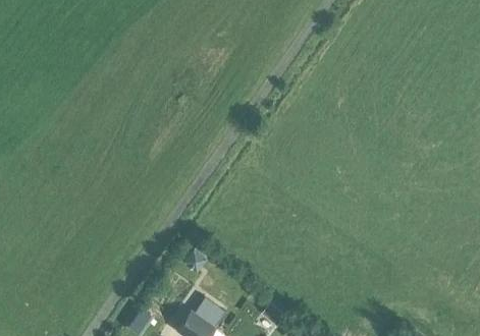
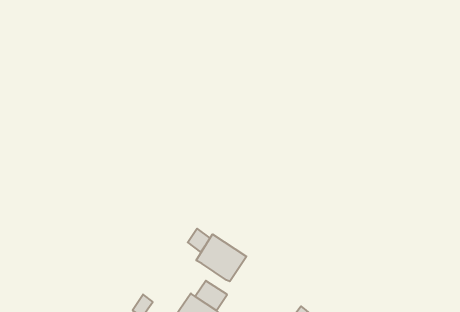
building: none -> [196,234,246,281]

